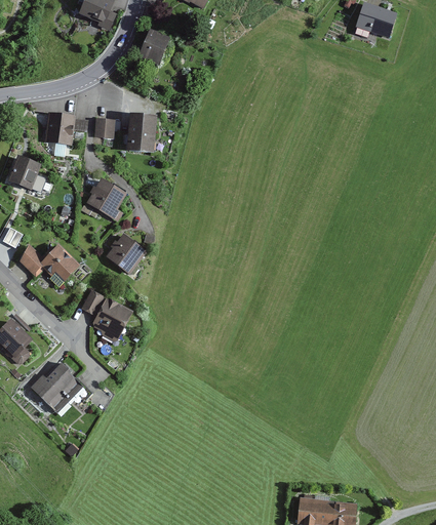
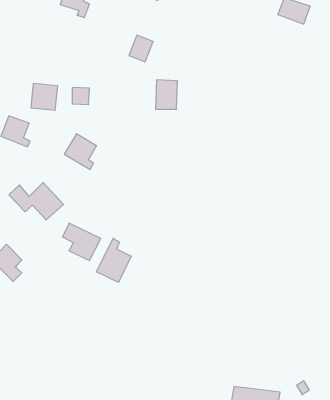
building: [136,31,167,65] -> [129,35,153,62]
building: [127,114,155,151] -> [156,80,177,109]
building: [106,233,146,273] -> none
building: none -> [97,238,131,282]
building: [29,363,84,412] -> none

